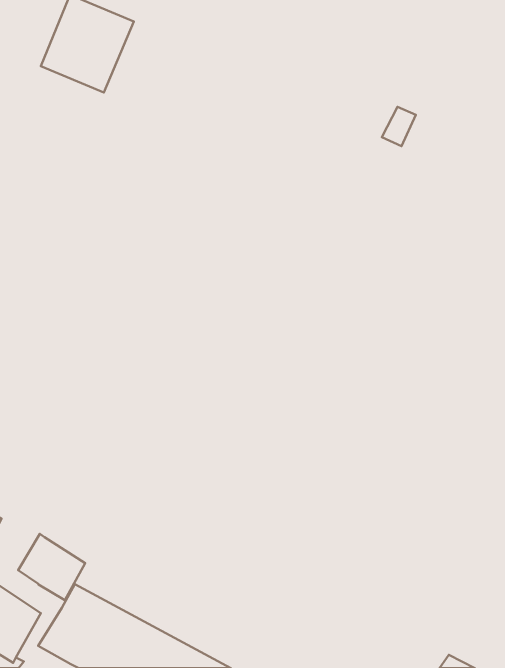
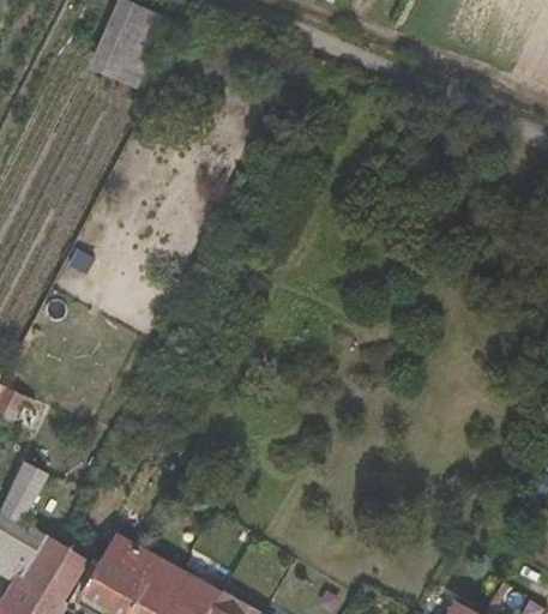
building: [18,534,85,600] -> none

